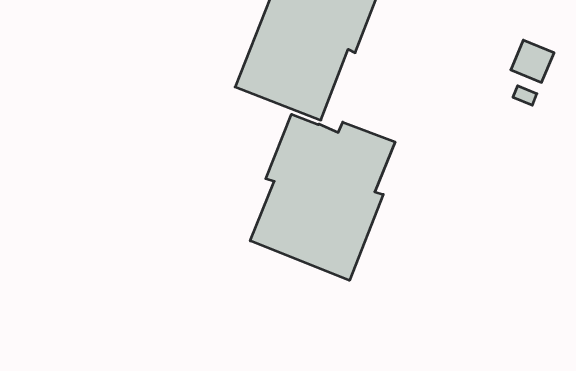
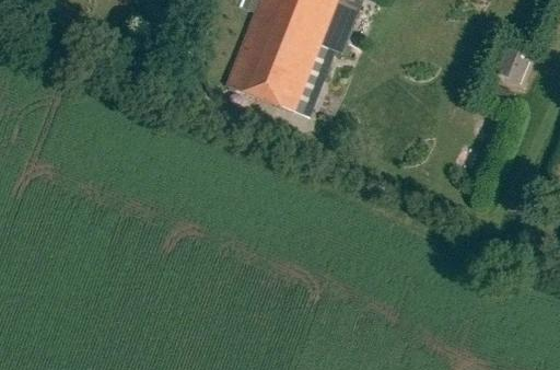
building: [250,114,395,280] -> none

